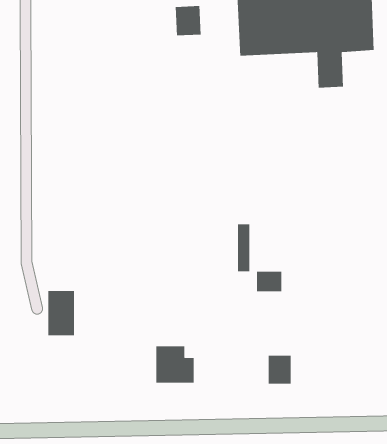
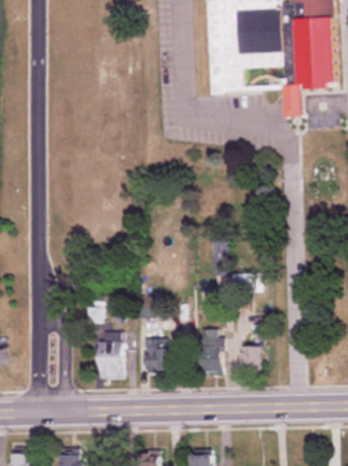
building: [175,5,202,36] -> none
building: [48,290,75,336] -> [98,338,122,378]
building: none -> [201,328,222,375]

